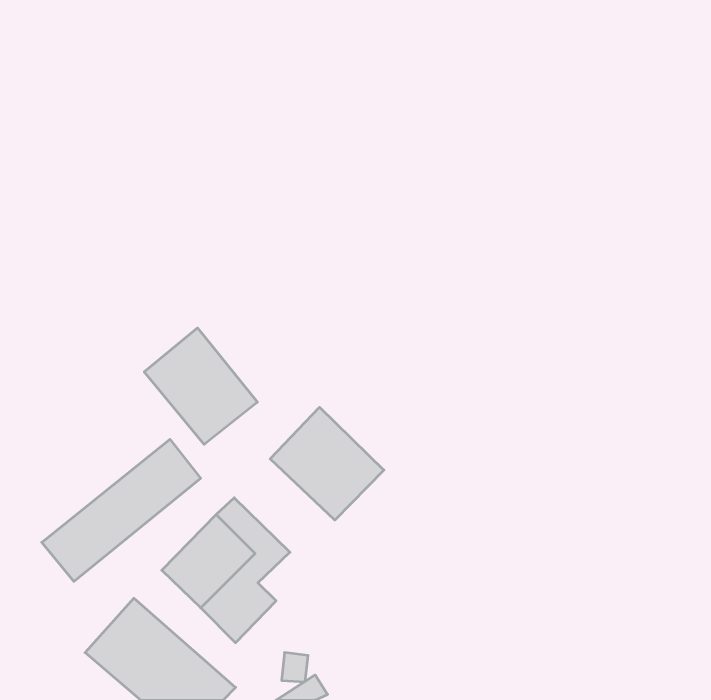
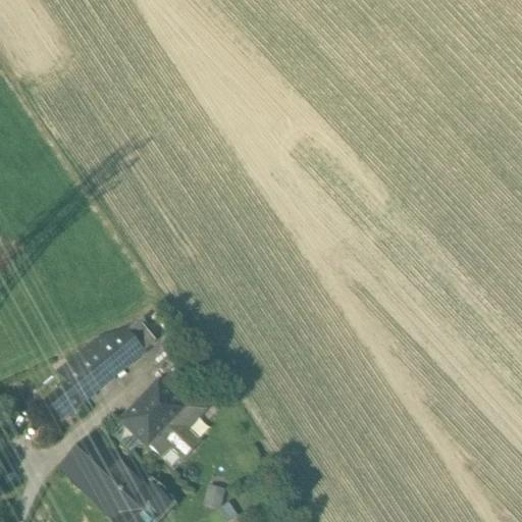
building: [144,328,257,444] -> none
building: [270,407,384,520] -> none

